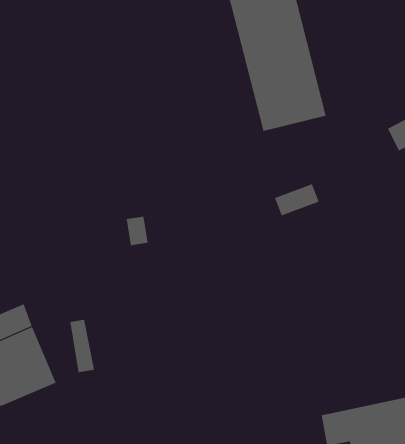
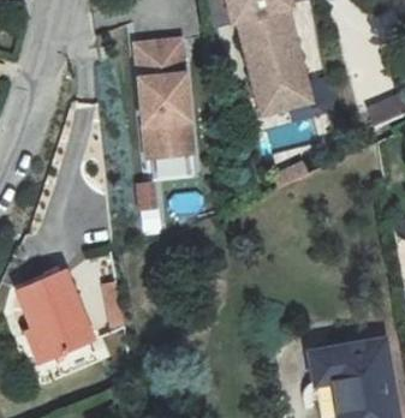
building: none -> [136,42,199,162]

